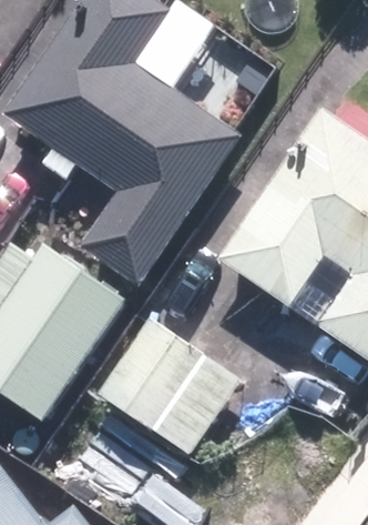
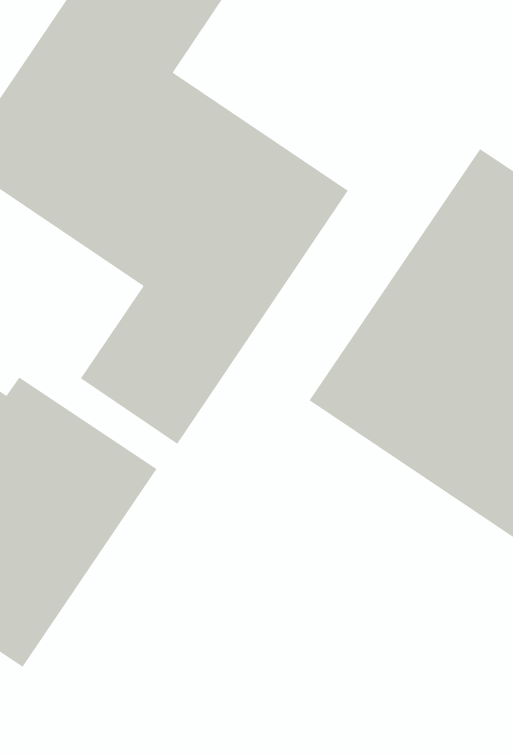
building: [95,319,237,454] -> none

